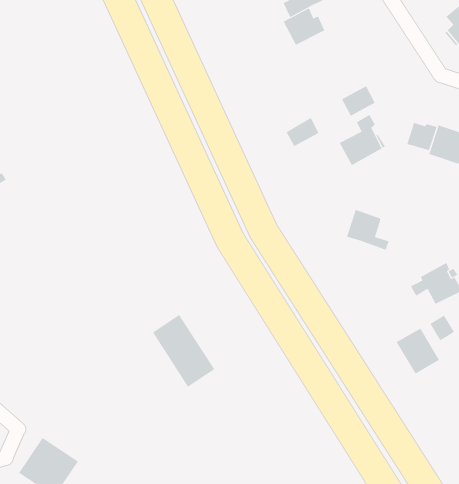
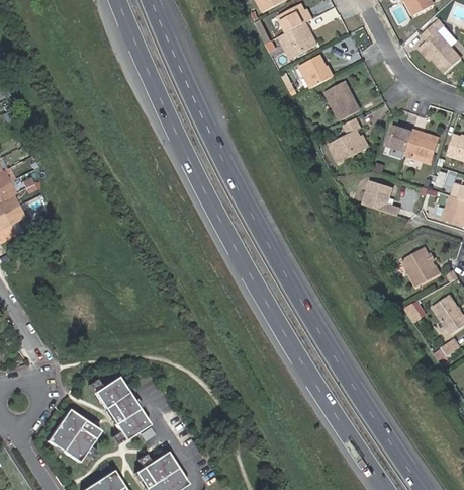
building: none -> [297,57,332,89]
building: [286,117,319,147] -> [322,80,352,106]
building: [346,209,390,250] -> [363,179,401,216]
building: [152,314,215,387] -> [92,372,148,436]
building: [396,328,440,375] -> none

